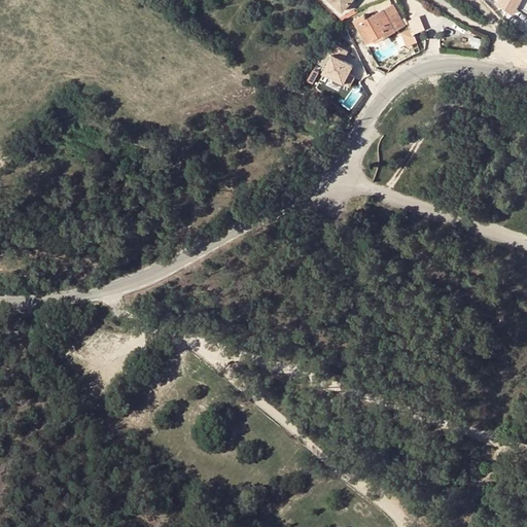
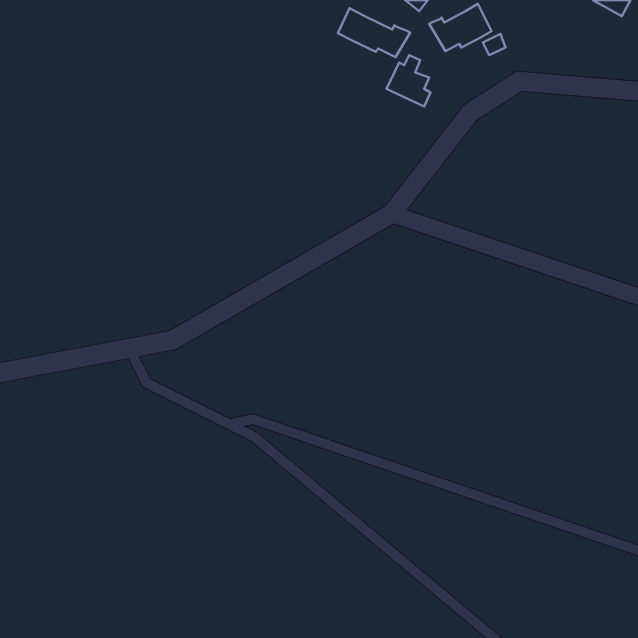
building: none -> [338,8,410,57]

